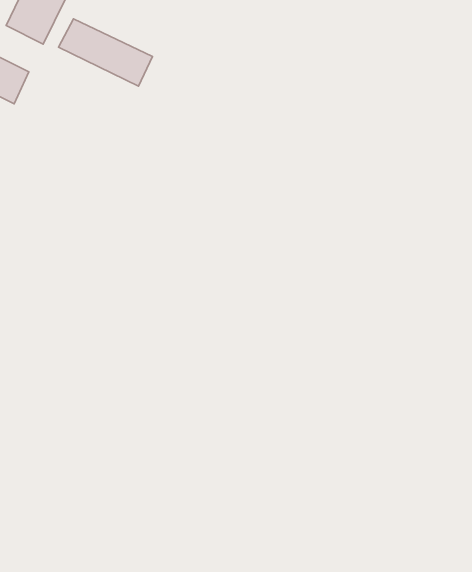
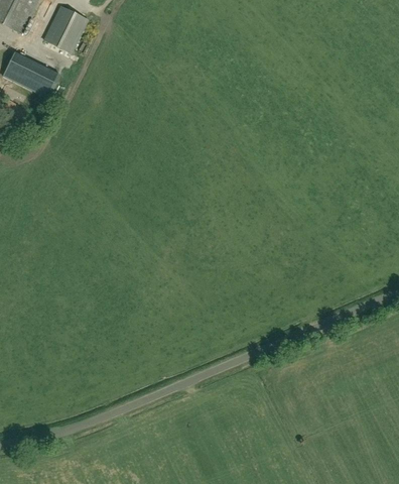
building: [58,19,152,86] -> none

